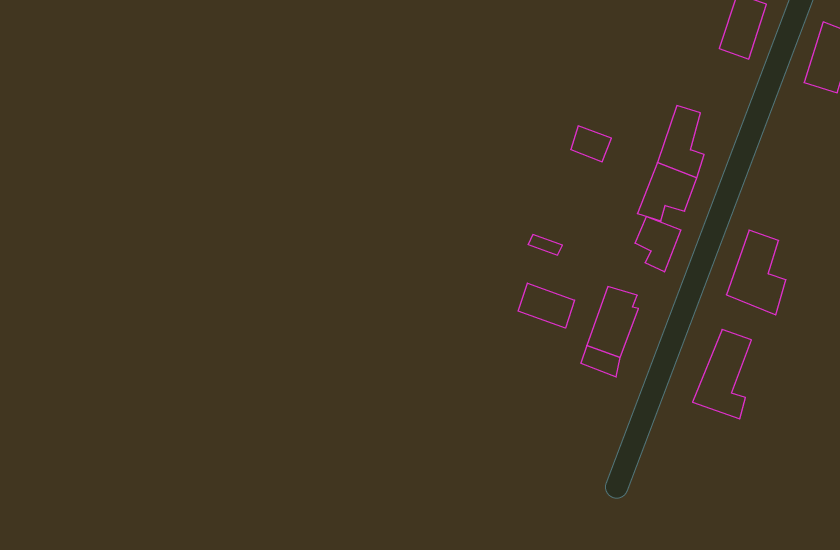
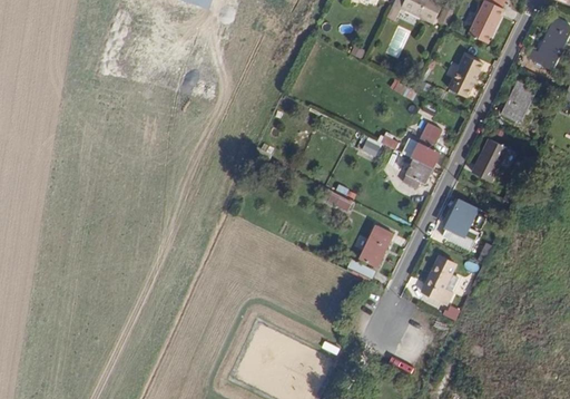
building: none -> [473,139,508,182]
building: [635,216,681,272] -> none
building: [518,283,575,328] -> none

